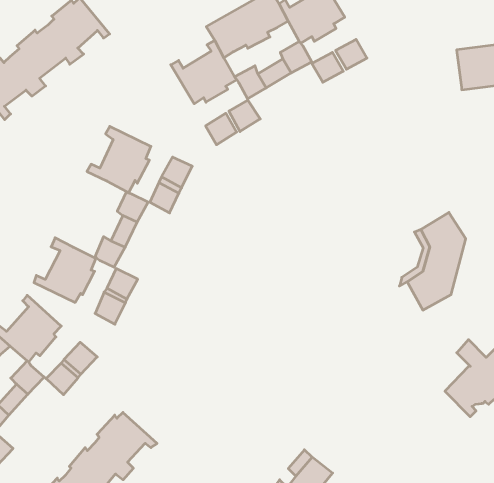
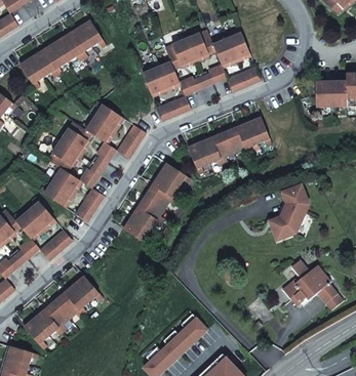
building: none -> [188,118,272,173]
building: none -> [48,122,92,172]
building: none -> [123,164,190,245]

